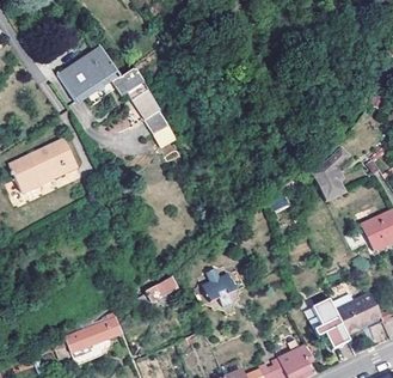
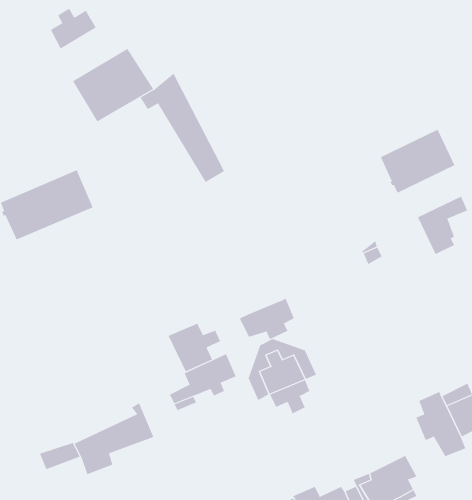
building: none -> [50,8,96,49]
building: none -> [380,129,455,193]
building: none -> [239,298,295,340]
building: none -> [168,323,221,372]

